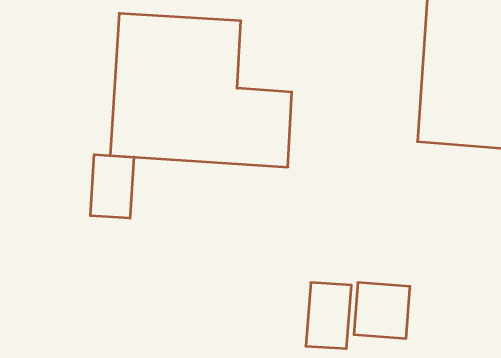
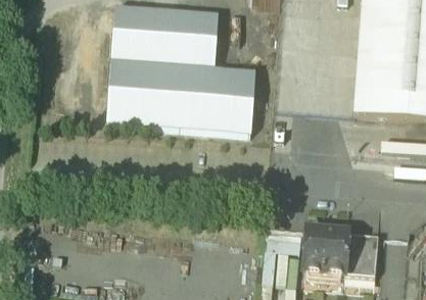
building: [90,155,134,218] -> none
building: none -> [345,237,378,279]

